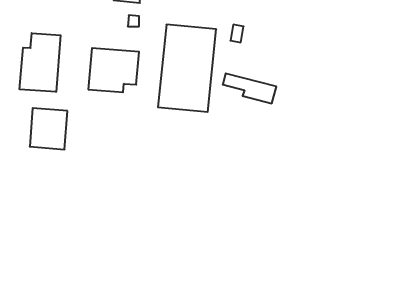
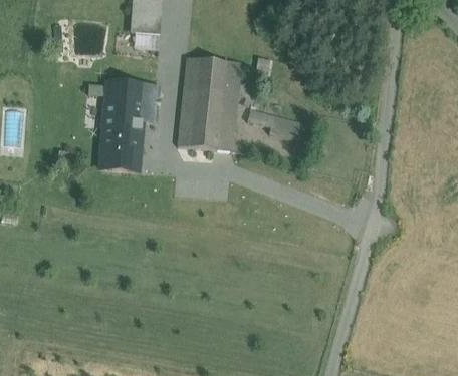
building: [20,33,61,92] -> none
building: [30,108,67,149] -> [100,125,141,169]

